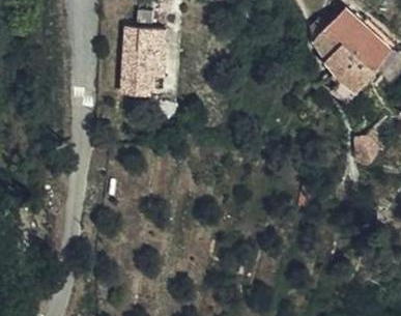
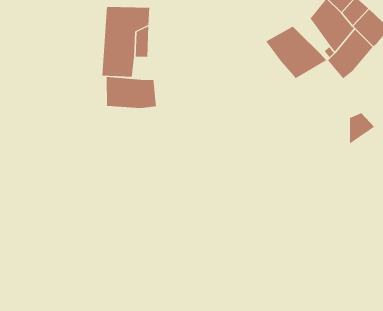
building: none -> [266,26,327,79]
building: none -> [106,76,157,109]

